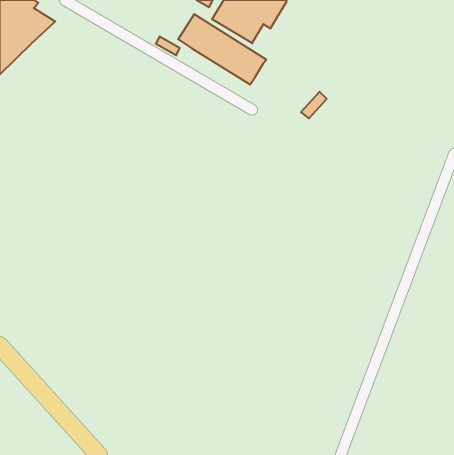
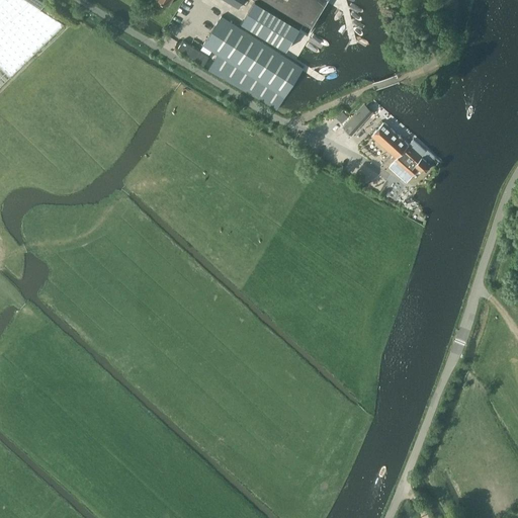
building: none -> [208,55,284,112]
building: none -> [370,122,434,182]

